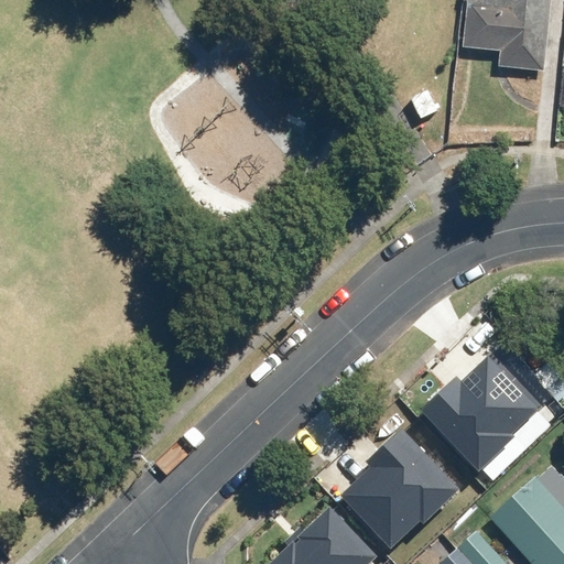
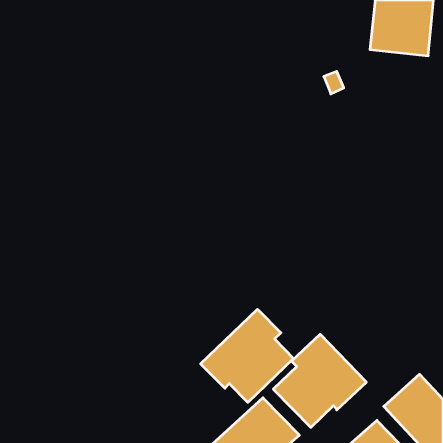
building: [422,354,541,470] -> none
building: none -> [201,309,294,402]

